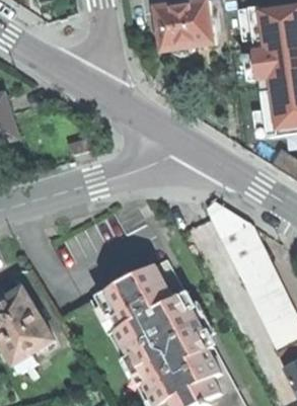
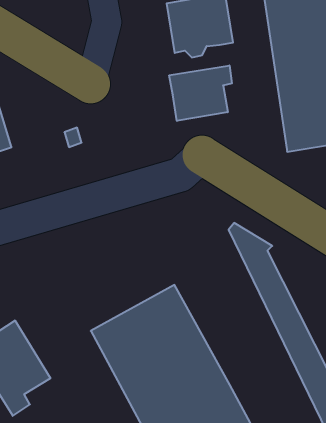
building: none -> [169,65,232,121]

